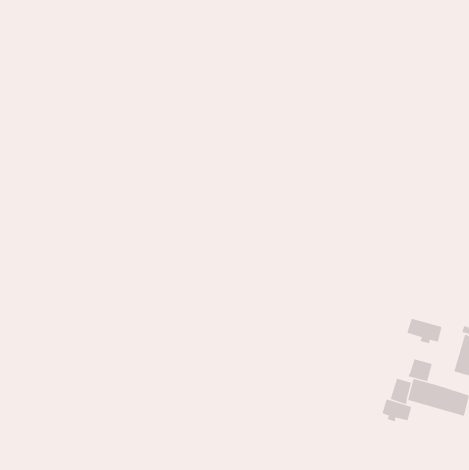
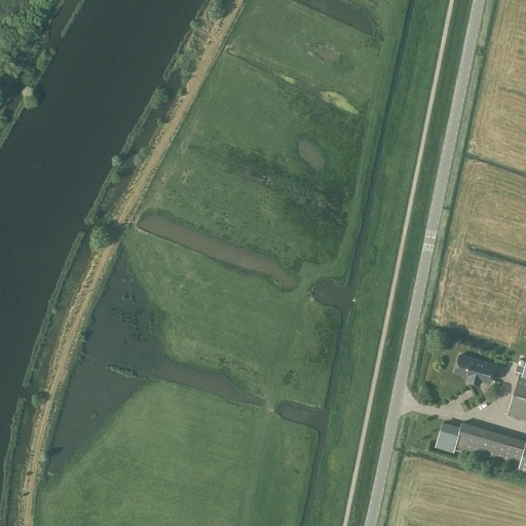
building: [408,358,432,382] -> none
building: [382,399,412,422] -> none

